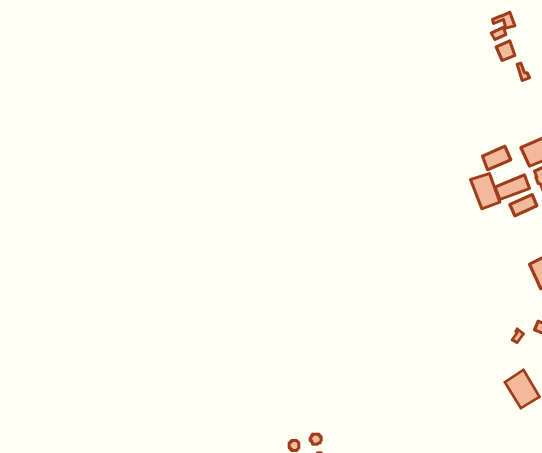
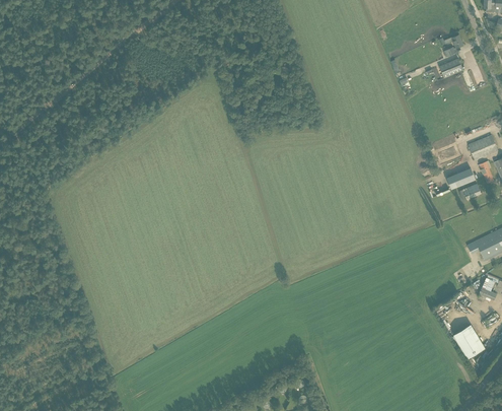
building: [470,174,500,209] -> none

